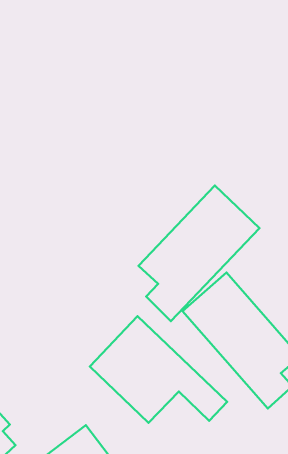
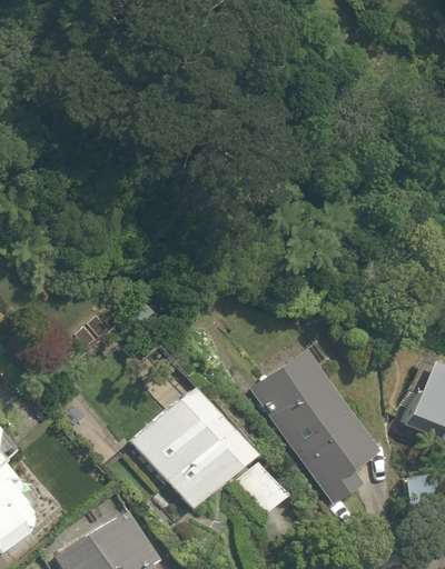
building: [138,186,259,321] -> none

